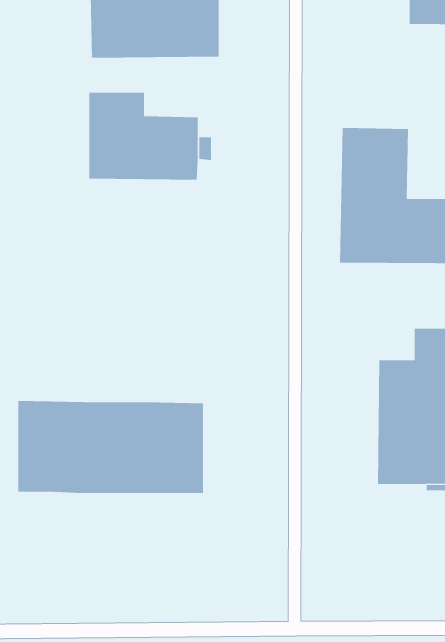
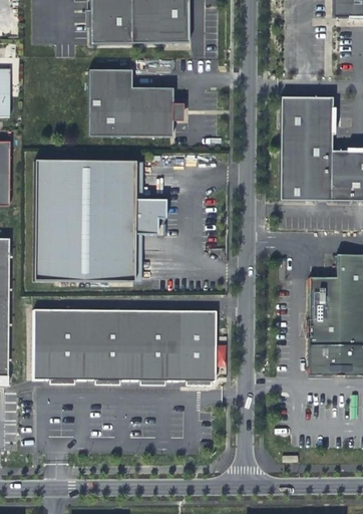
building: none -> [34,161,166,283]
building: none -> [176,309,217,378]

